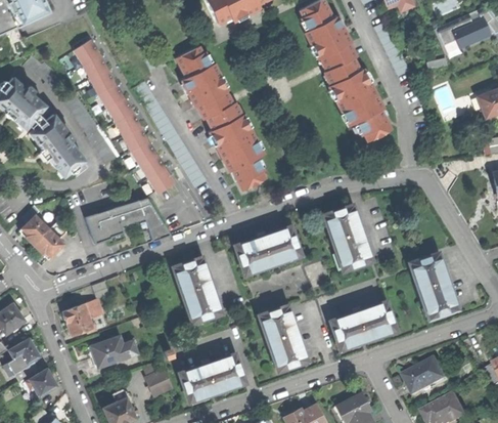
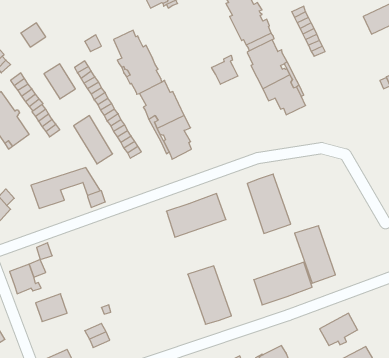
building: [85,53,118,94] -> none
building: none -> [212,55,238,84]
building: [118,111,150,152] -> none
building: [412,254,457,318] -> [295,226,335,283]
building: [173,258,220,323] -> none
building: [180,354,244,403] -> none

